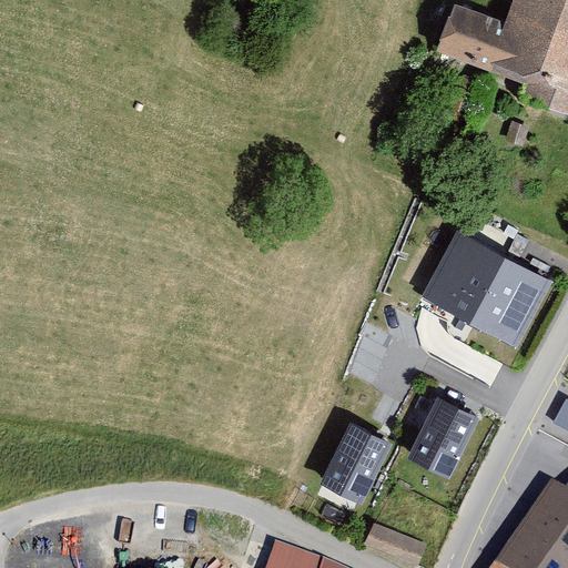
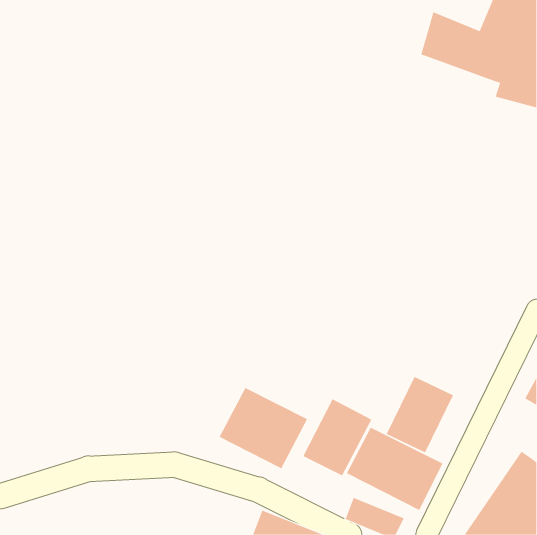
building: [423,230,552,346] -> none
building: none -> [219,387,308,469]
building: none -> [346,427,443,511]

